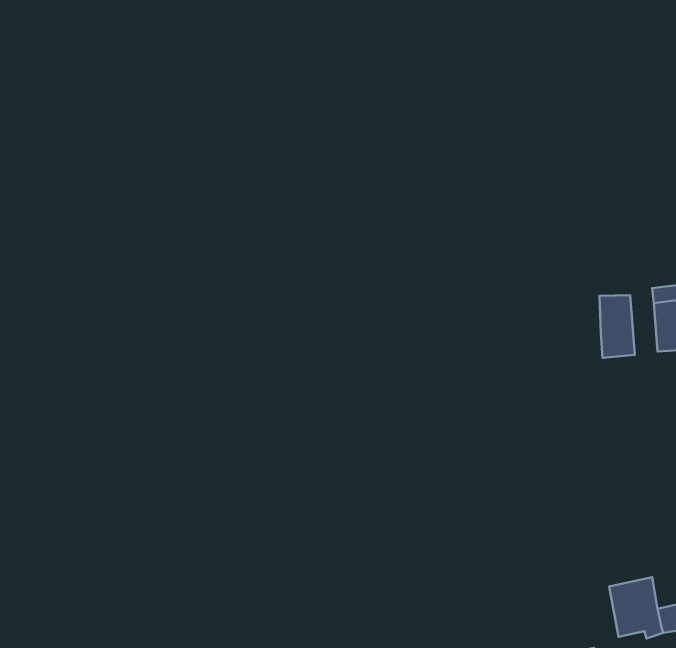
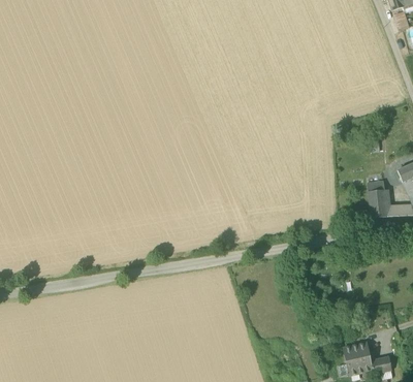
building: [600,295,635,358] -> none

